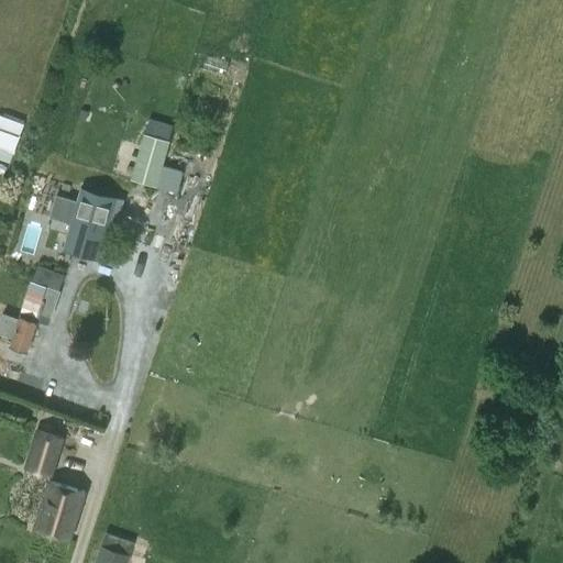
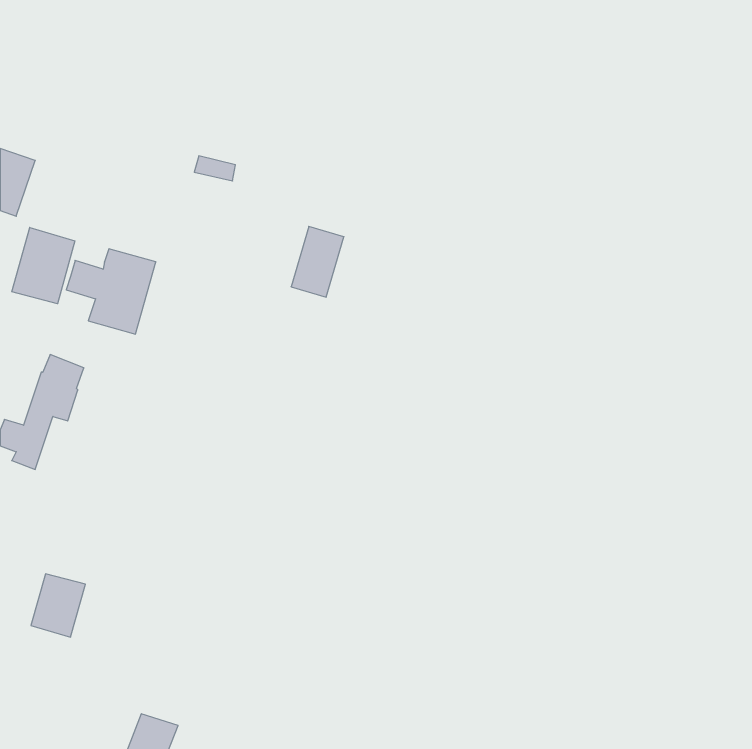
building: [132,135,172,188] -> [291,226,344,297]
building: none -> [12,227,75,304]
building: [33,483,85,541] -> none

